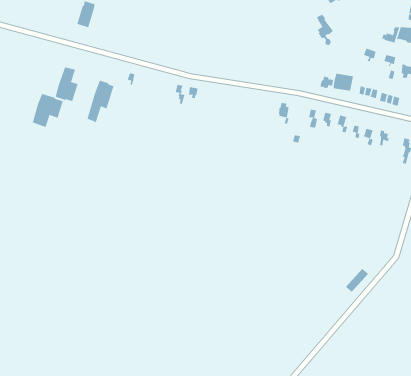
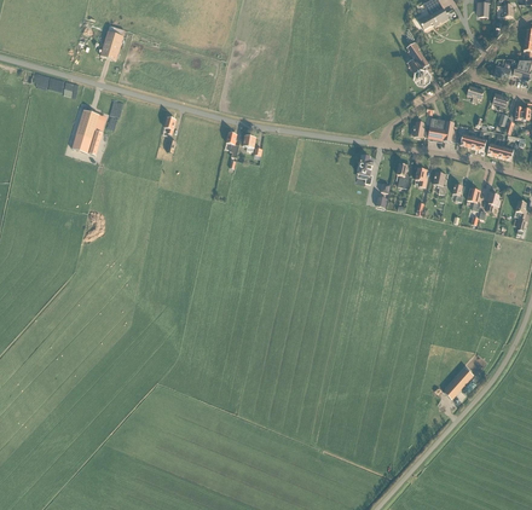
building: [87,80,114,123] -> none
building: [32,93,63,128] -> none

